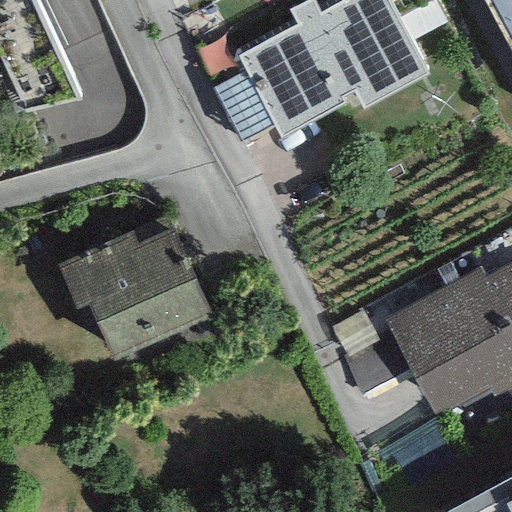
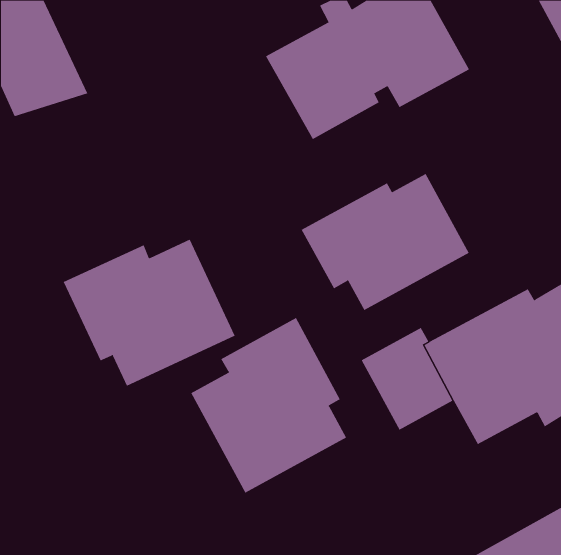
building: none -> [301,173,470,311]
building: none -> [191,317,347,493]

